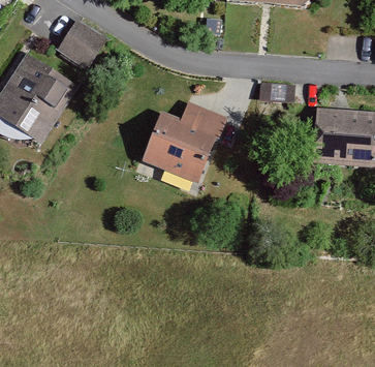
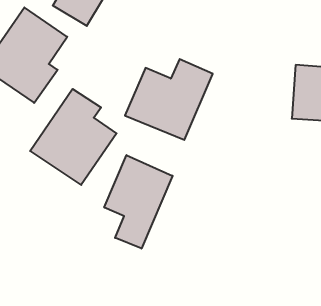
building: none -> [30,89,117,185]
building: none -> [104,155,173,249]

